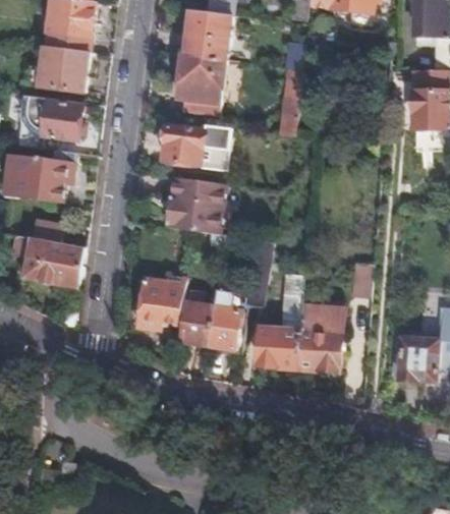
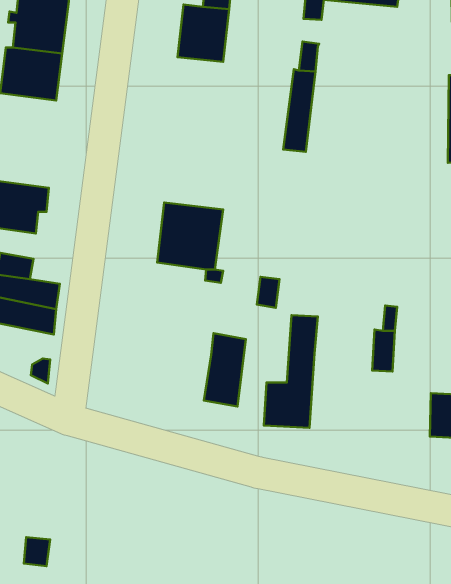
building: [177,53,224,113] -> none
building: [41,103,80,141] -> none
building: [159,124,231,170] -> none
building: [135,274,187,331] -> none
building: [182,291,214,345] -> none
building: [297,305,342,372] -> none

